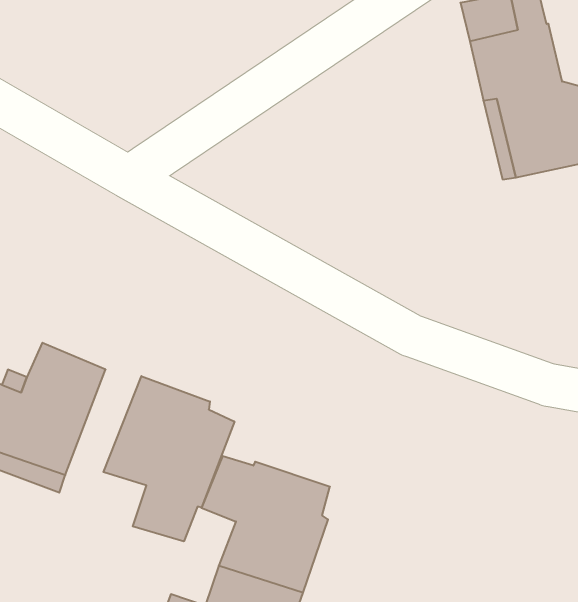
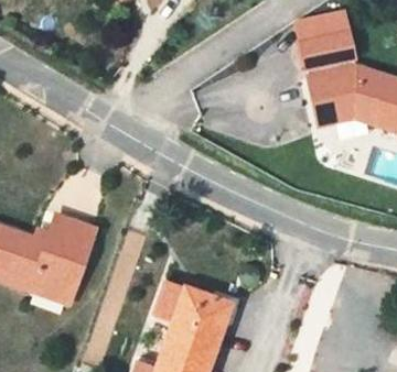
building: [103,376,234,541] -> none

